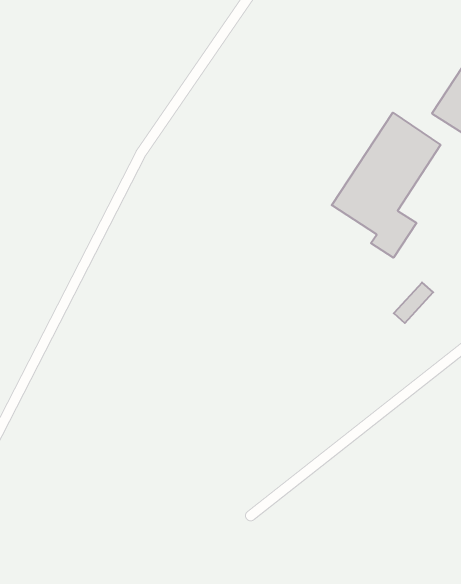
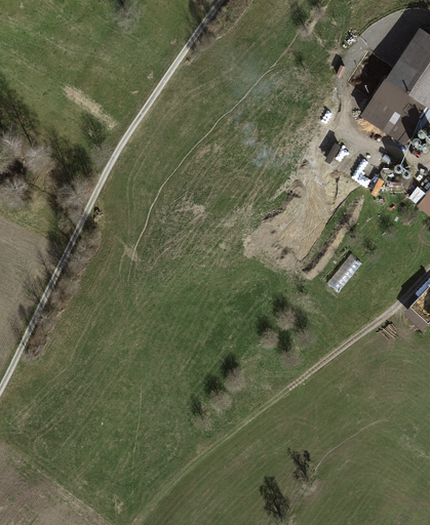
building: [332,113,440,258] -> none

